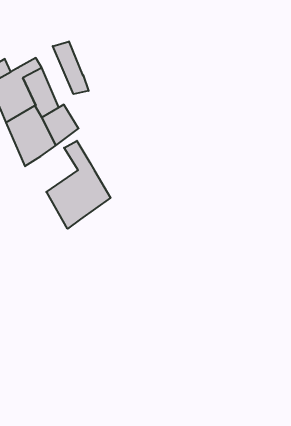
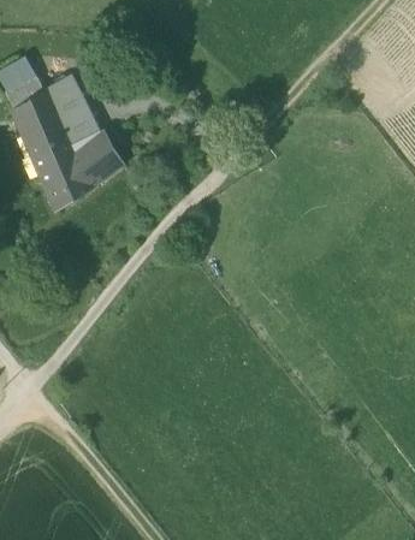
building: [53,41,89,94] -> none
building: [46,141,111,229] -> none

